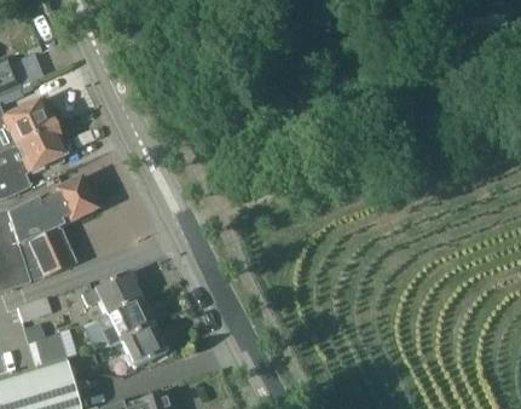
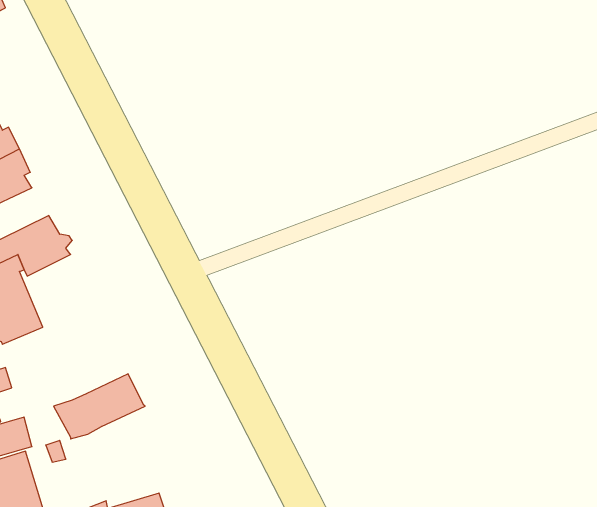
building: [82,272,141,316] -> none
building: [121,326,167,368] -> none

